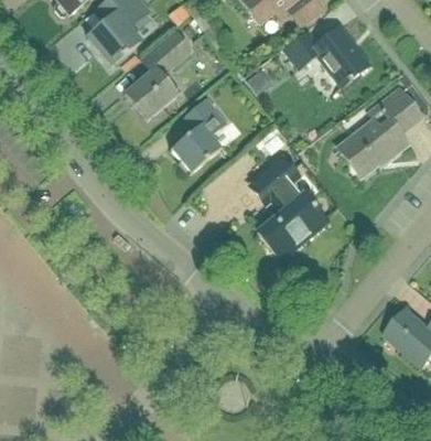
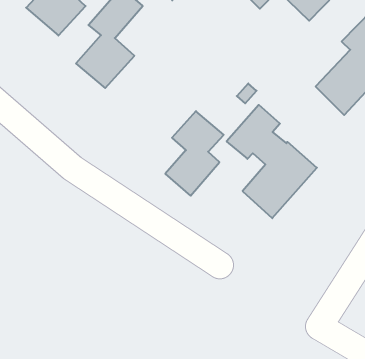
building: [170,96,228,172] -> [165,111,224,196]

